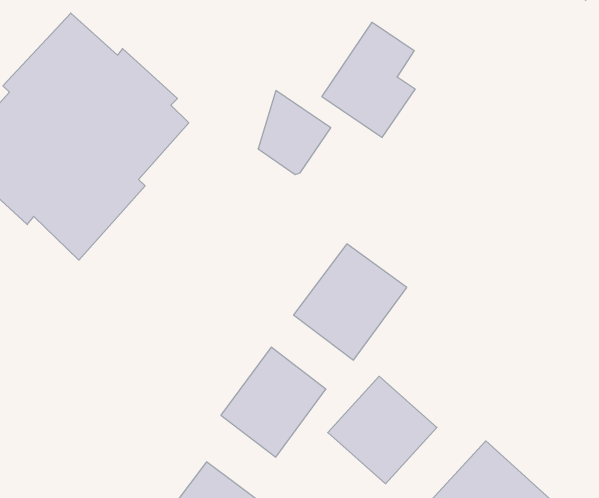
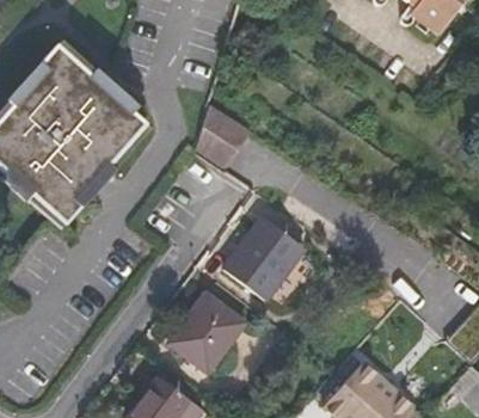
building: [322,22,415,137] -> none
building: [328,376,437,484] -> none

